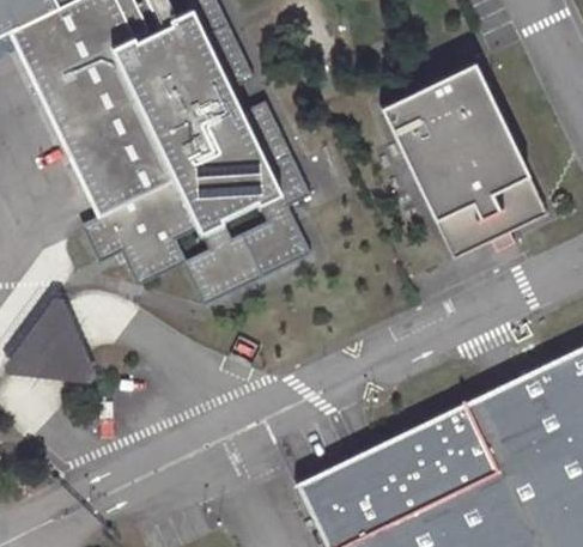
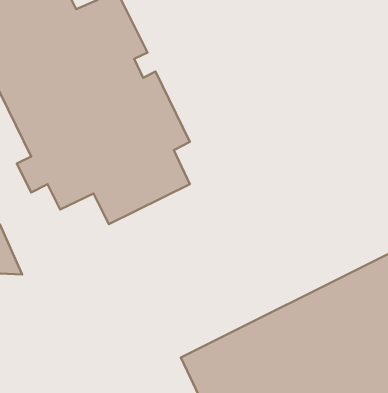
building: [384,61,551,260] -> none

